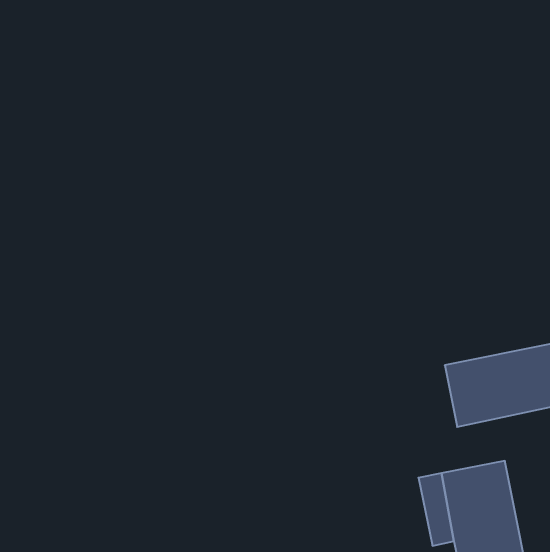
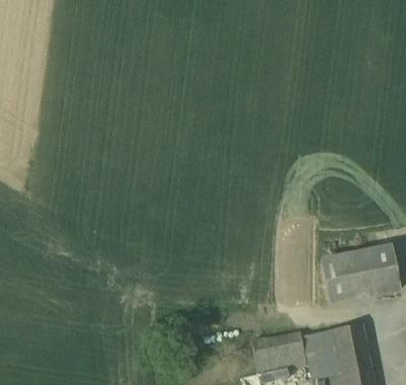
building: none -> [252,329,307,371]

